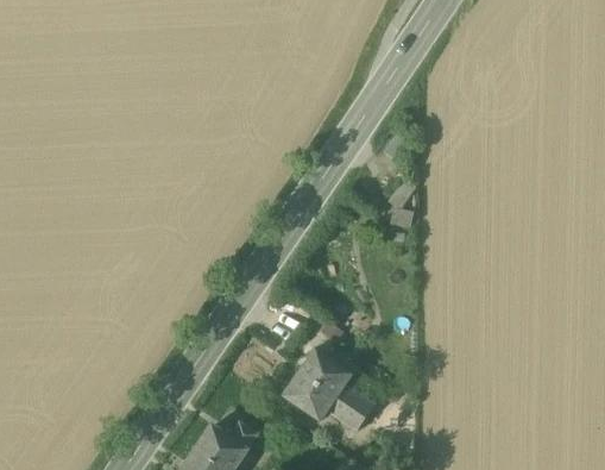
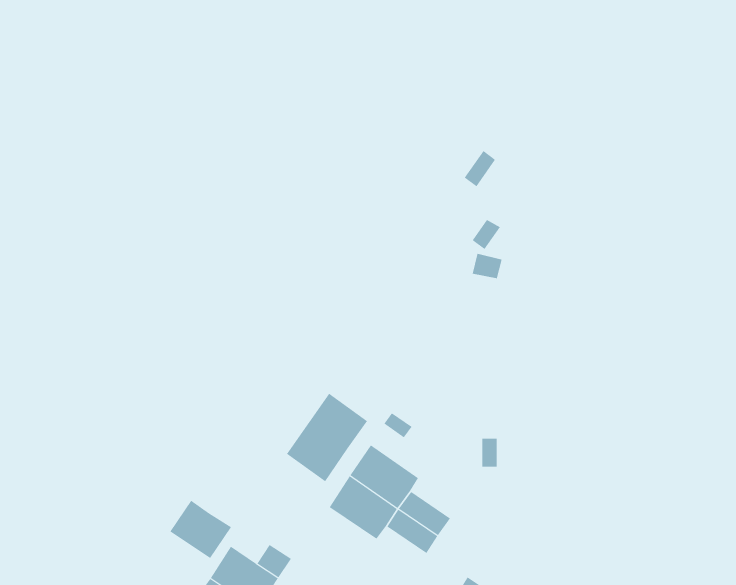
building: none -> [286,393,368,482]
building: none -> [170,500,232,559]

